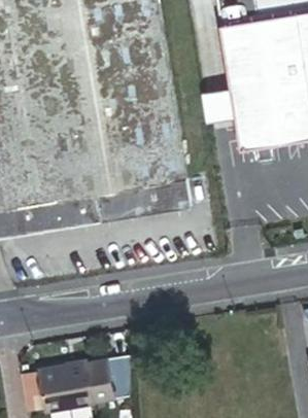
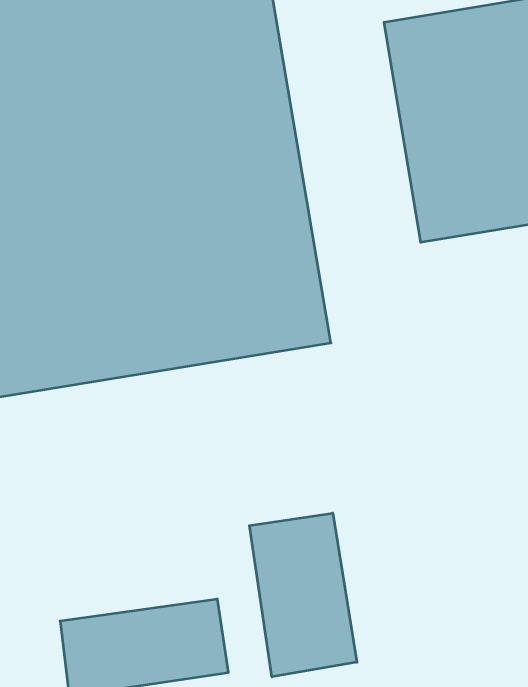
building: none -> [249,513,357,677]

